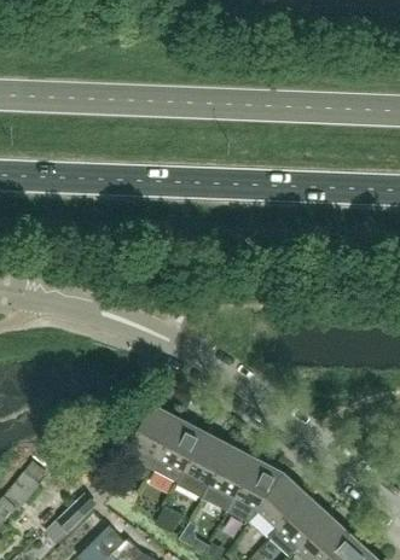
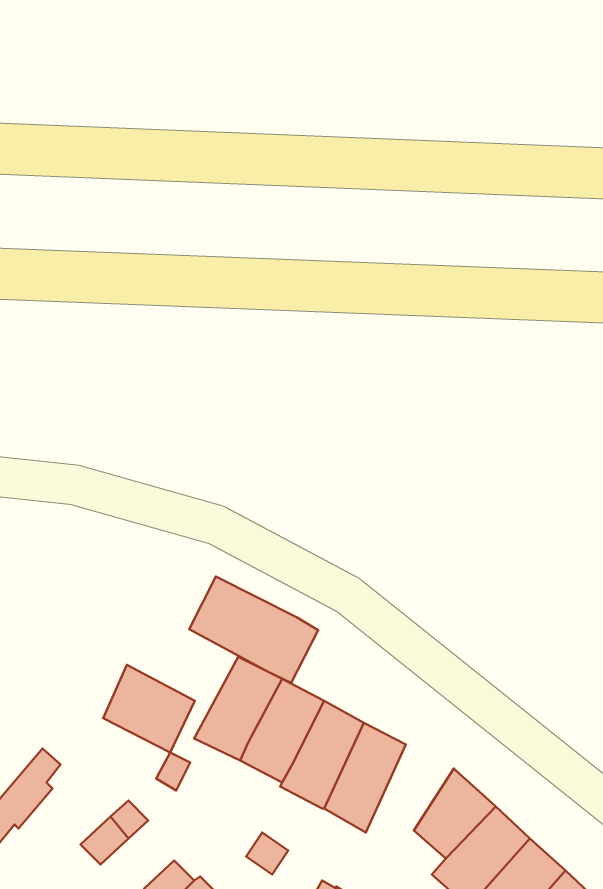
building: none -> [189,577,318,683]
building: none -> [103,665,195,753]
building: [230,459,283,523] -> none

